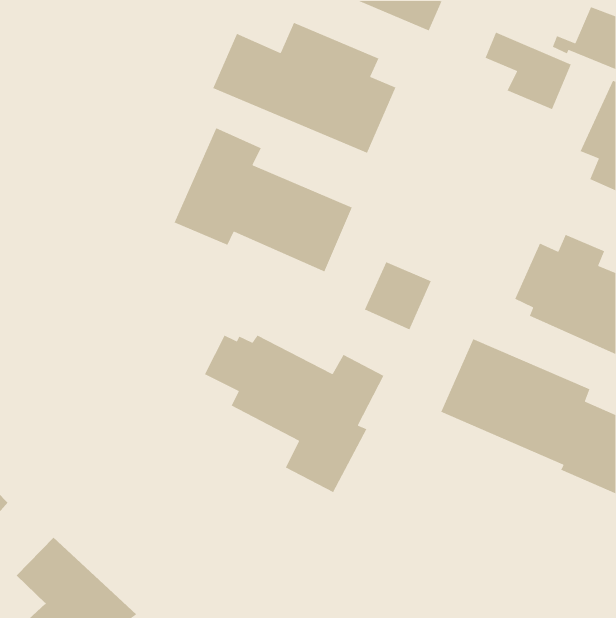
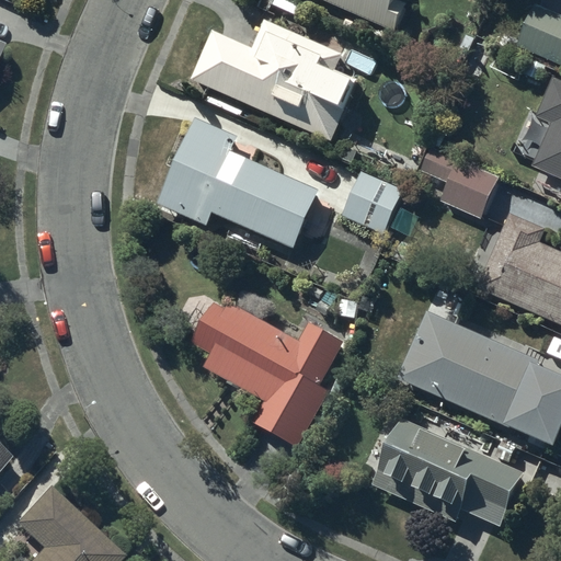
building: [485,31,572,110] -> [422,147,501,218]
building: [364,261,432,330] -> [340,171,401,233]
building: none -> [370,416,522,524]

